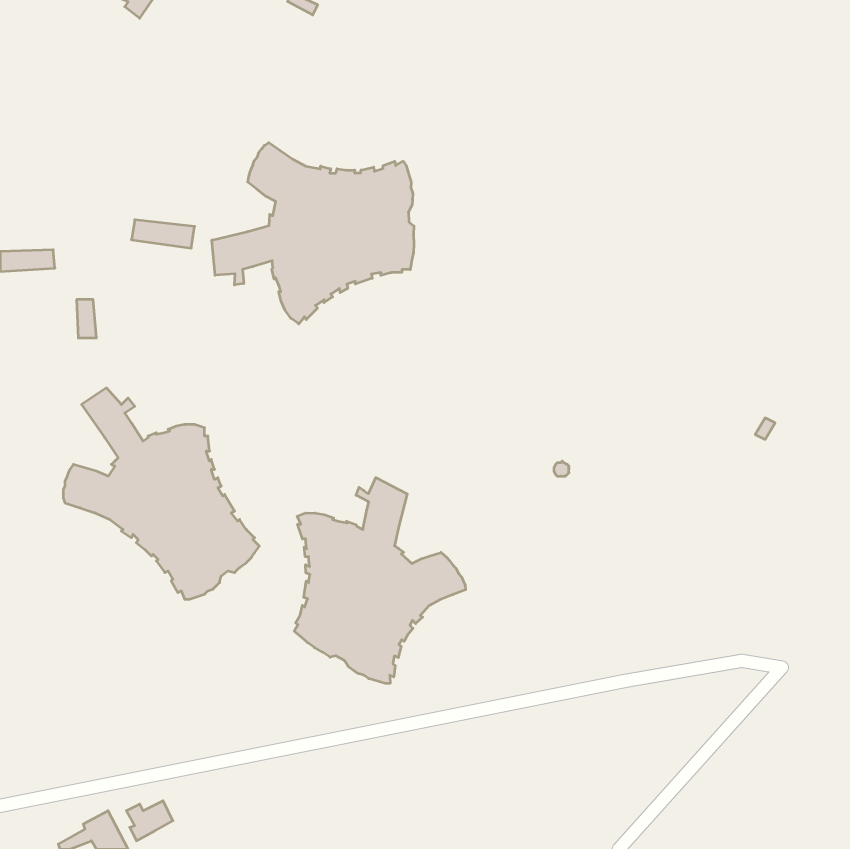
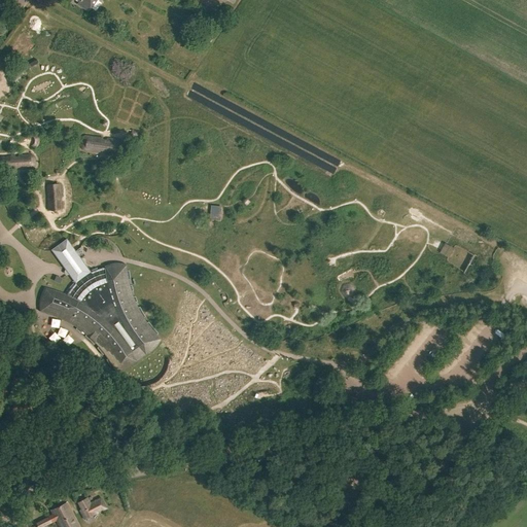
building: [212,143,414,324] -> none
building: [294,478,466,683] -> none

